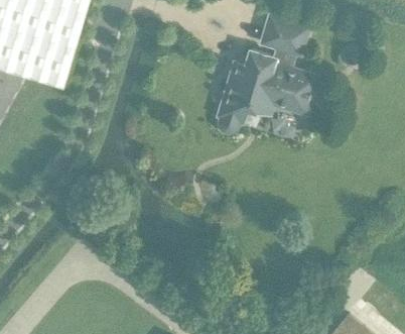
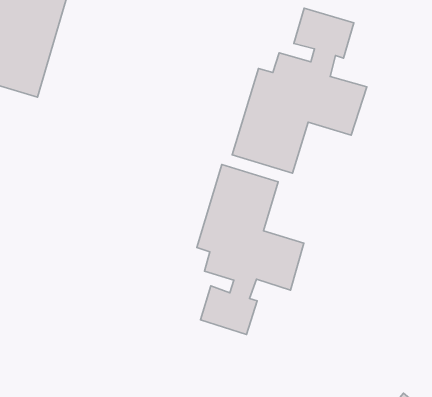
building: none -> [197,165,304,334]

